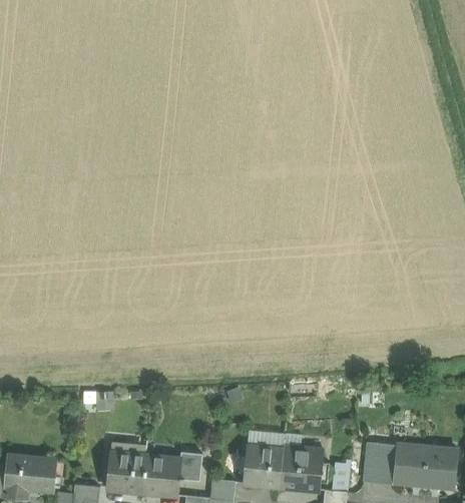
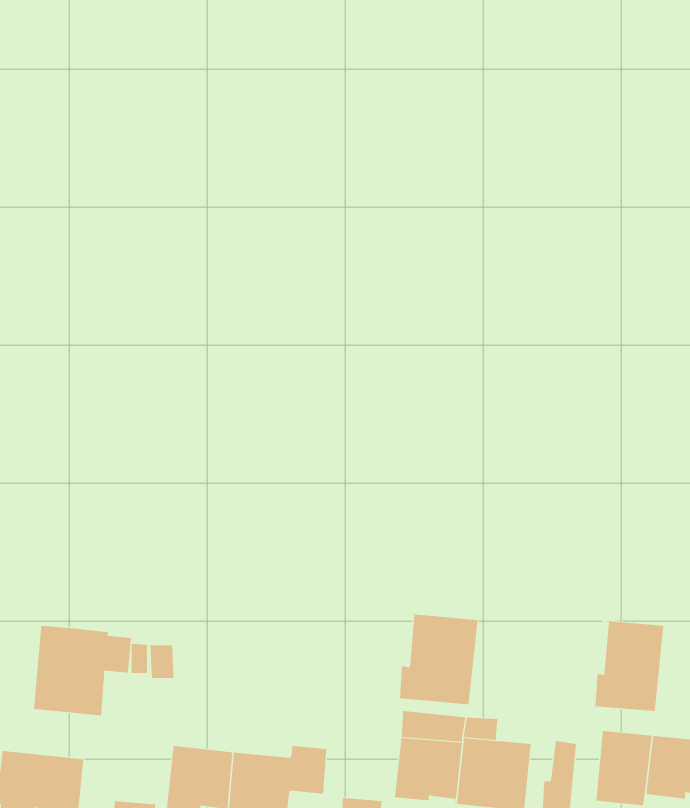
building: none -> [399,613,478,705]
building: none -> [595,620,664,712]
building: none -> [33,625,132,716]

